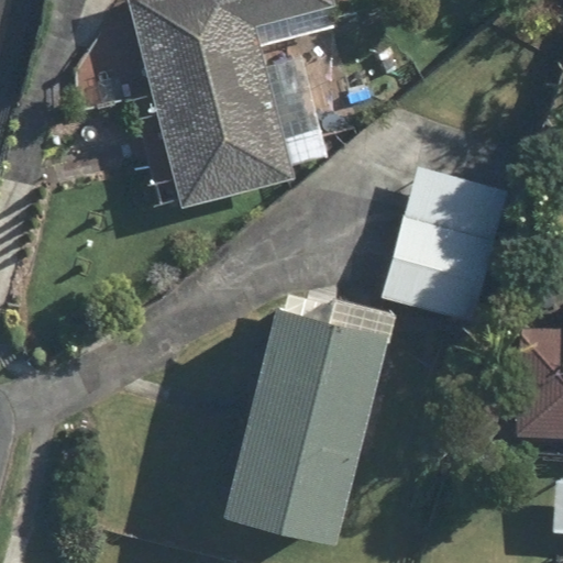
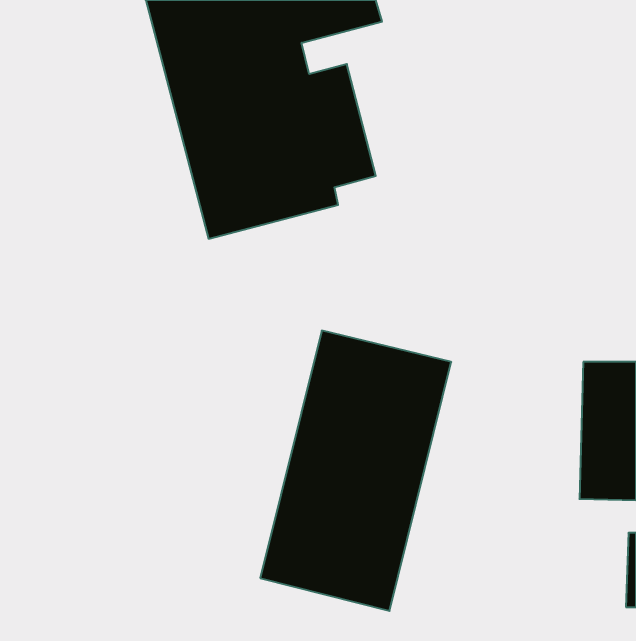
building: [383,153,508,314] -> none

